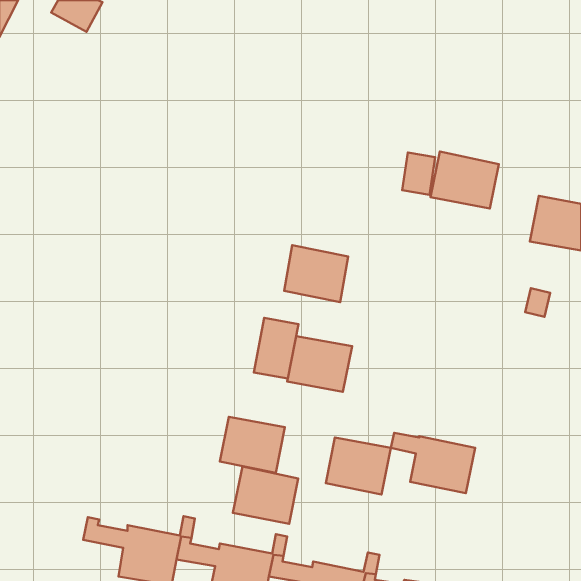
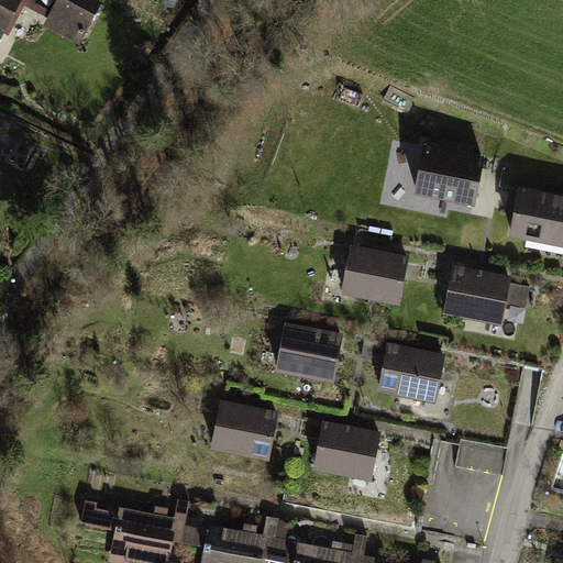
building: [284,245,348,302] -> [343,247,405,302]
building: none -> [445,267,508,322]
building: [254,318,299,379] -> none
building: [391,433,475,493] -> [361,342,442,400]
building: [233,466,298,524] -> none

